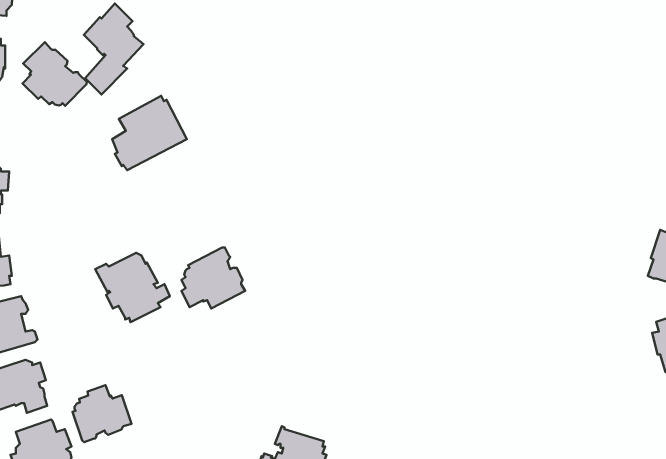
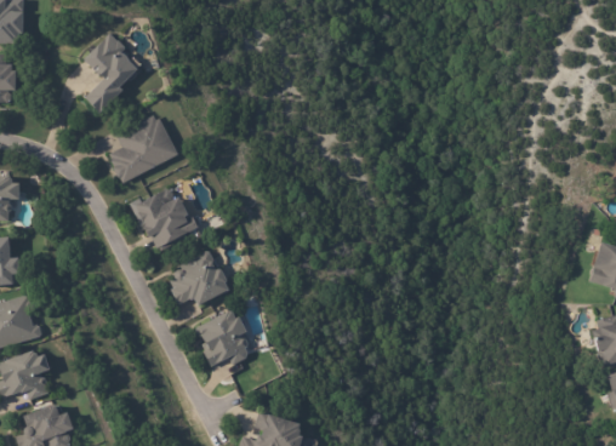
building: [22,42,87,106] -> none
building: [95,253,170,322] -> [132,188,199,250]
building: none -> [196,310,249,366]
building: [72,385,132,442] -> none

